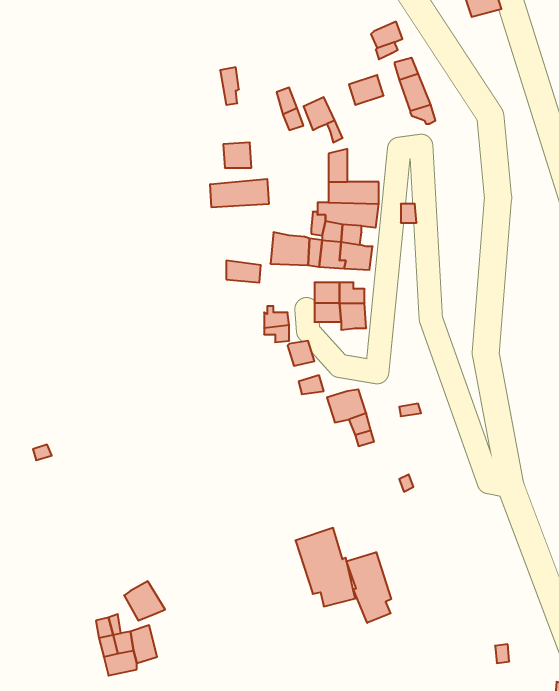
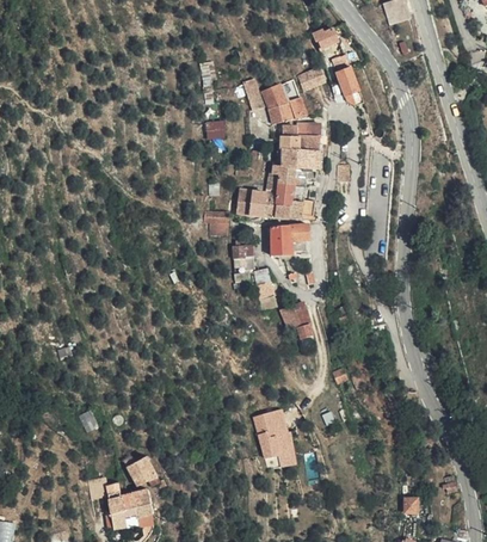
building: none -> [295,119,319,148]
building: [210,179,269,207] -> none
building: [347,552,391,623] -> none

